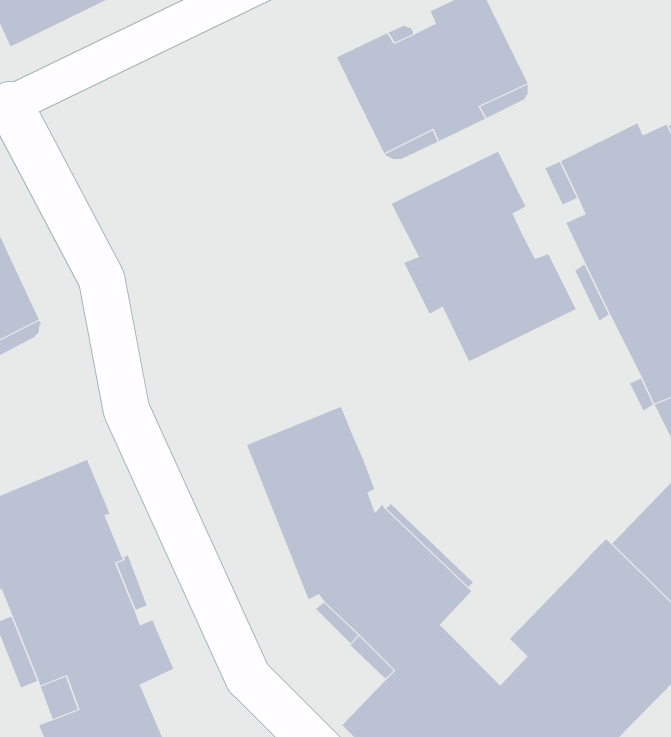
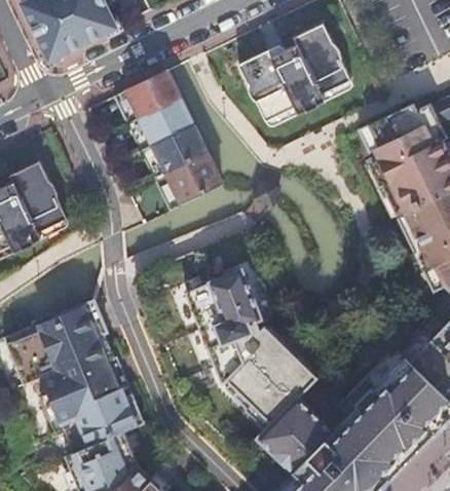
building: none -> [117,70,224,210]
building: [391,151,576,362] -> none

